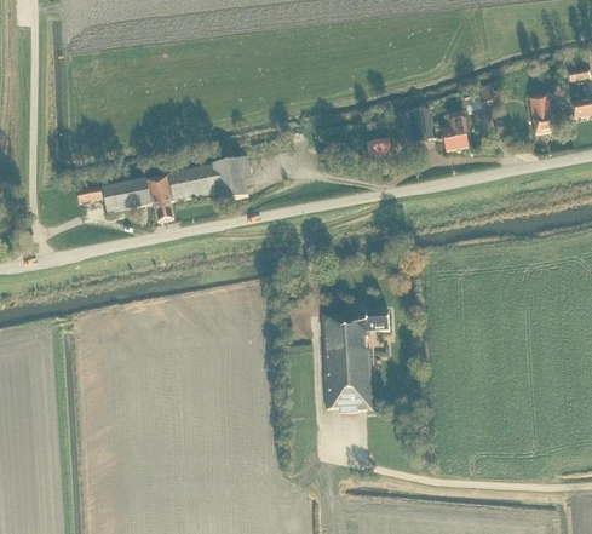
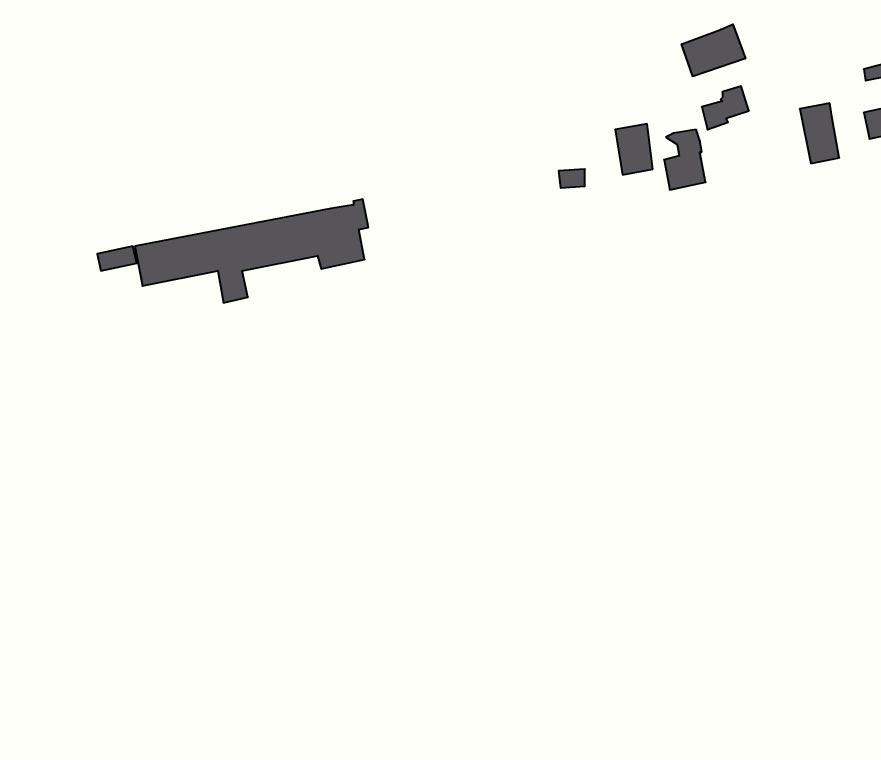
building: none -> [682,24,745,76]
building: [322,311,389,409] -> none

